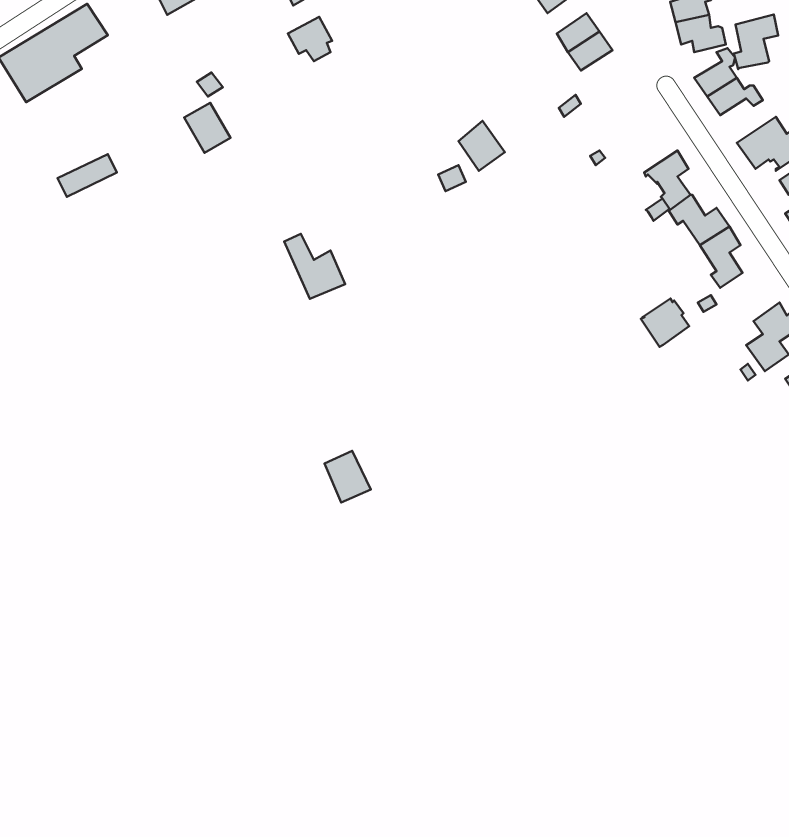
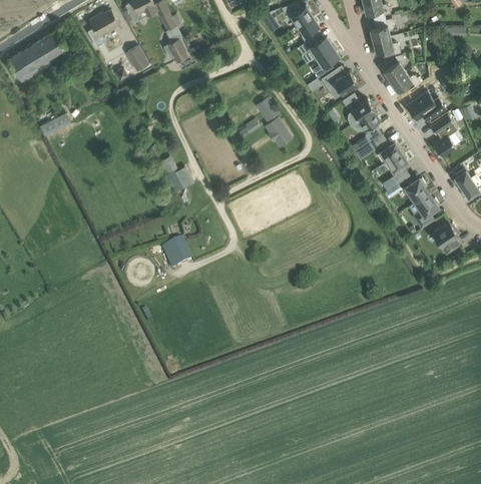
building: [734,14,778,69] -> none
building: none -> [320,71,356,94]
building: [184,103,230,153] -> [124,46,149,73]
building: none -> [341,93,373,122]
building: none -> [264,116,292,148]
building: [641,298,689,347] -> [402,177,428,203]
building: [324,451,371,503] -> [165,240,190,269]

